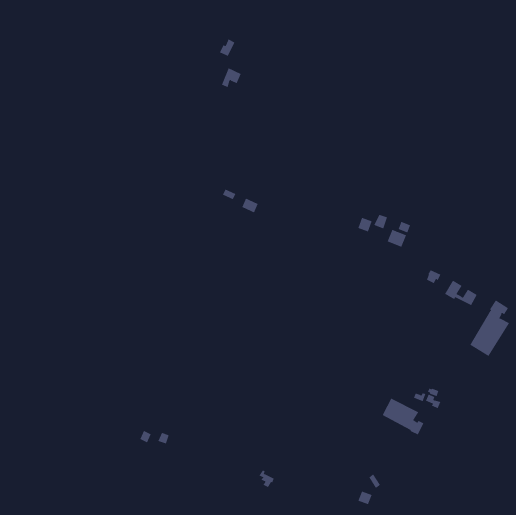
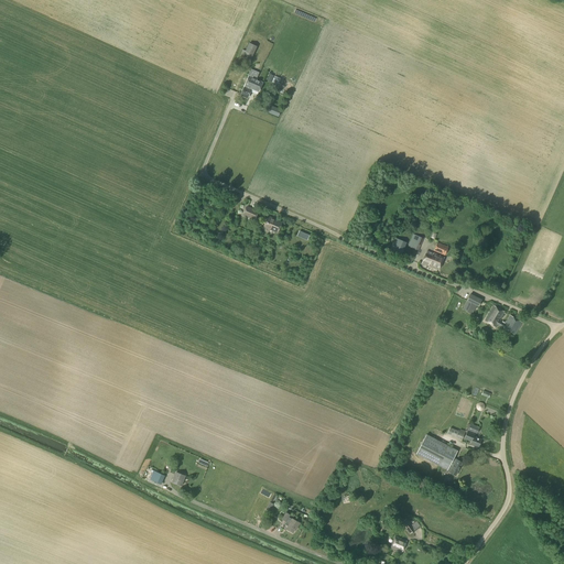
building: [469,299,510,357] -> none

